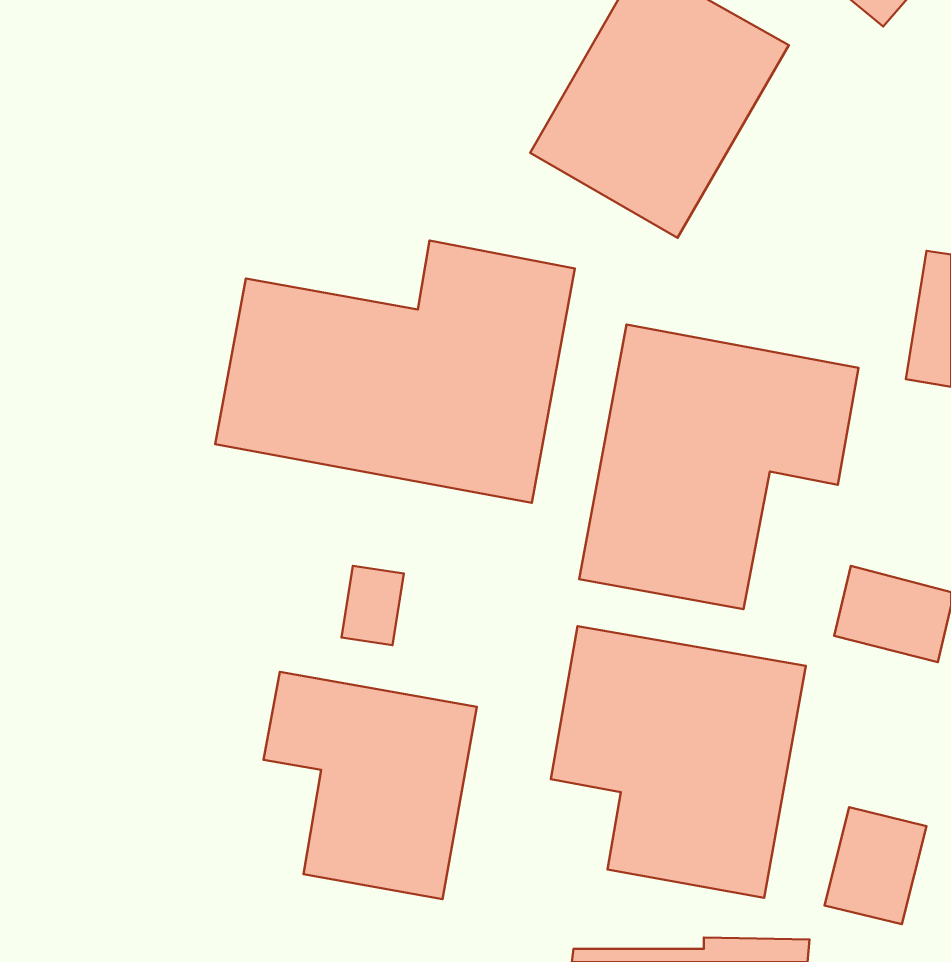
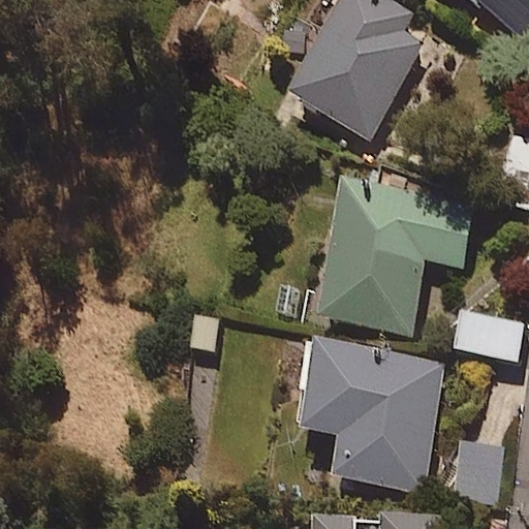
building: [215,241,575,503] -> none
building: [263,672,477,899] -> none

